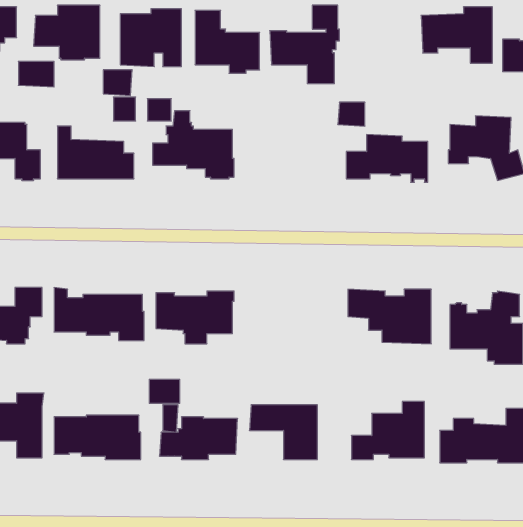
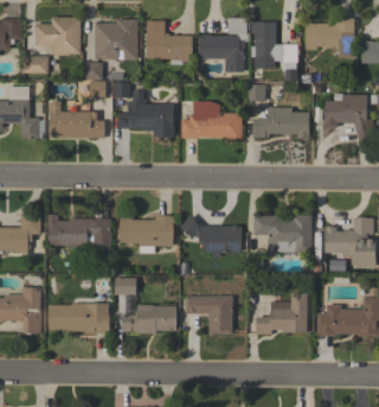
building: none -> [250,21,297,62]
building: none -> [181,101,242,139]
building: none -> [180,214,242,254]

